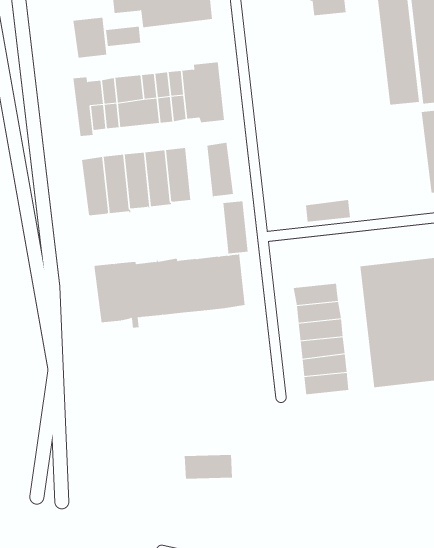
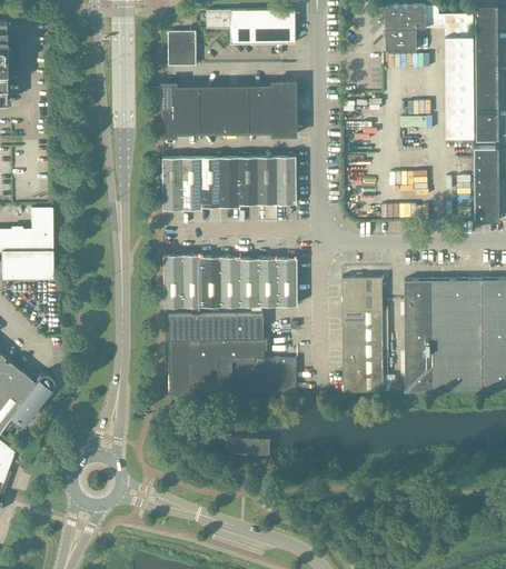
building: [106,26,141,47] -> none
building: [305,199,351,222] -> [341,277,381,293]
building: [222,201,249,255] -> [258,157,277,204]
building: none -> [168,315,296,393]

